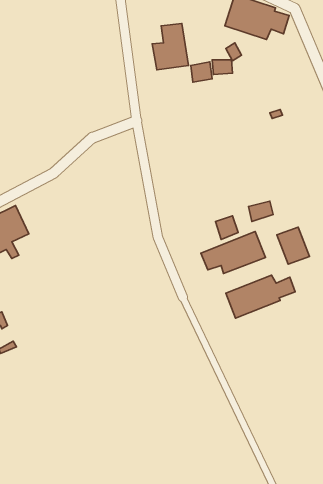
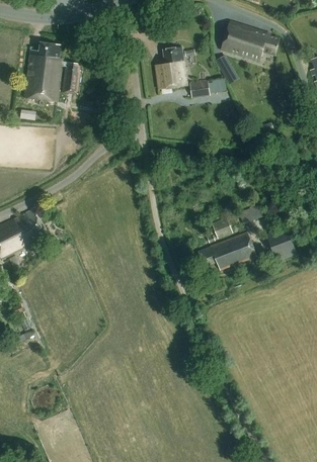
building: none -> [24,41,80,100]
building: [226,275,295,318] -> none

